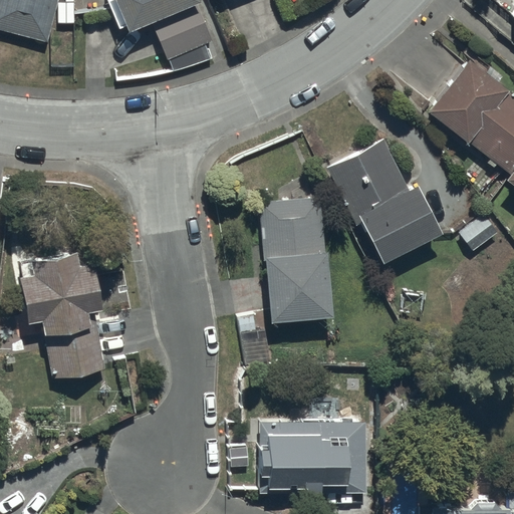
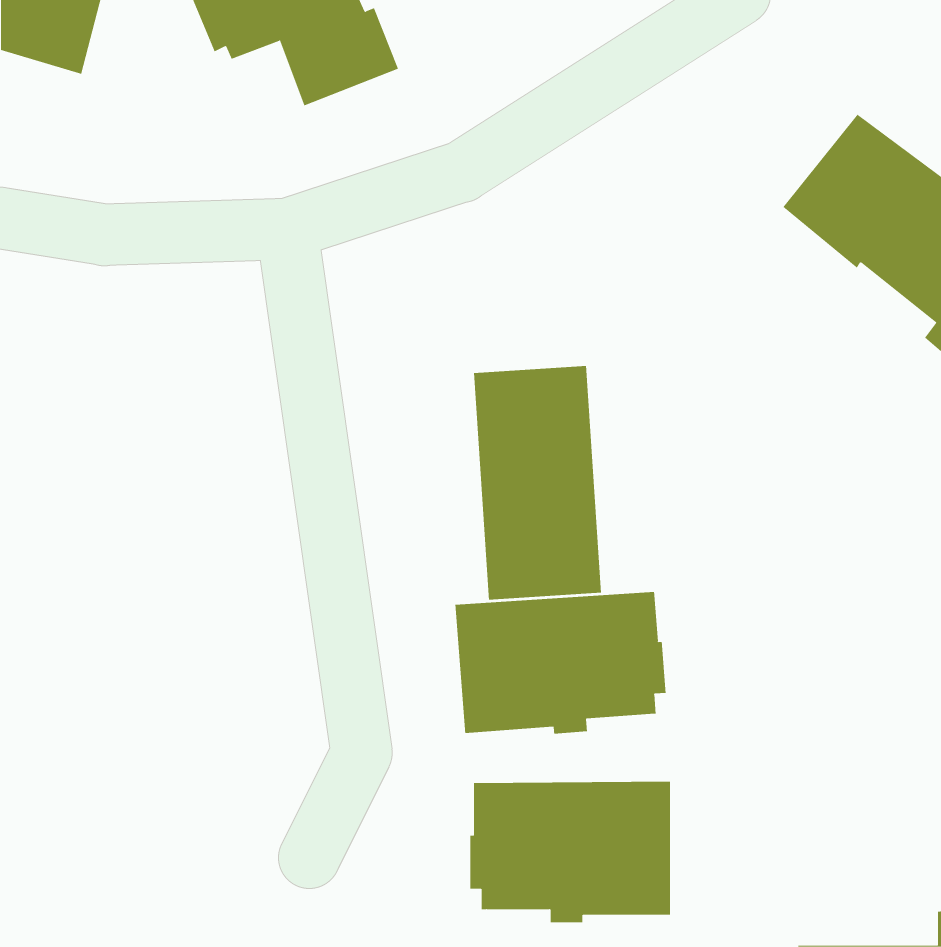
building: [329,138,441,265] -> none
building: [21,253,108,381] -> none
building: none -> [455,591,666,734]

